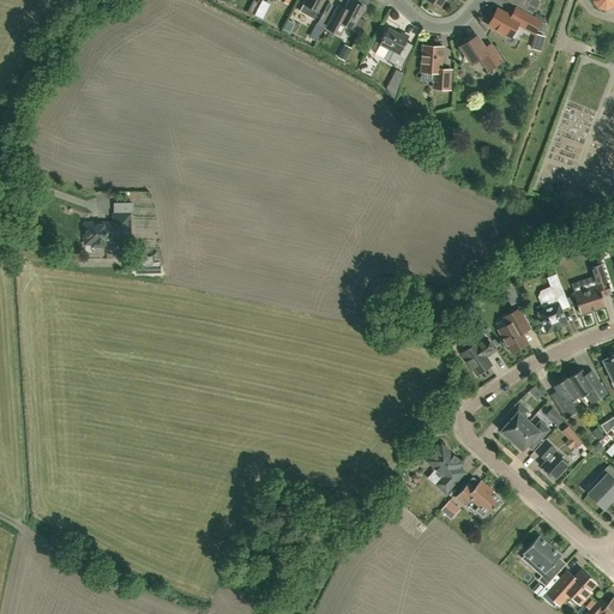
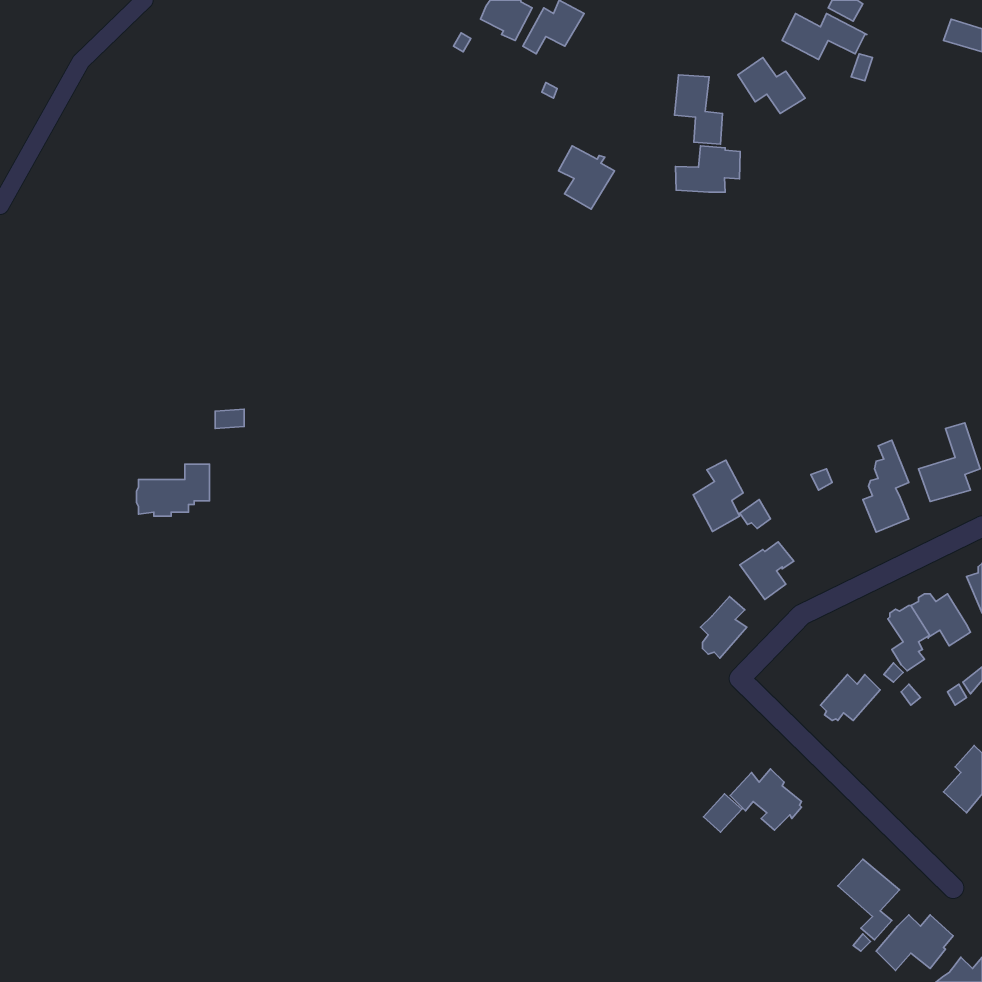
building: [380,29,415,68] -> [559,146,614,209]
building: none -> [676,146,740,192]
building: [84,213,130,246] -> [137,464,210,516]
building: [499,308,530,353] -> [693,460,743,531]
building: [500,402,529,440] -> [701,597,747,658]
building: [534,440,568,480] -> none
building: [427,445,464,493] -> none

